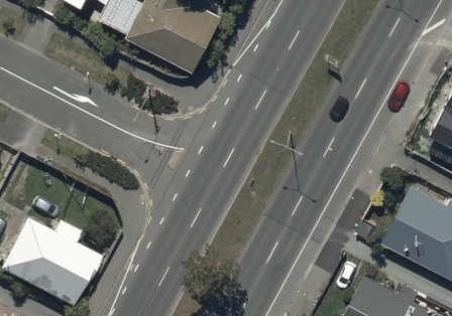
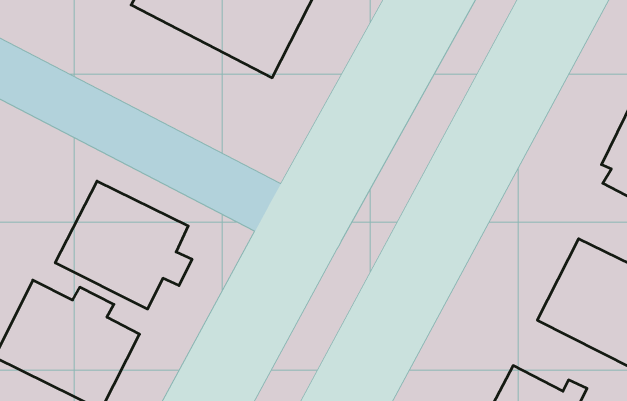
building: none -> [55,181,192,309]

